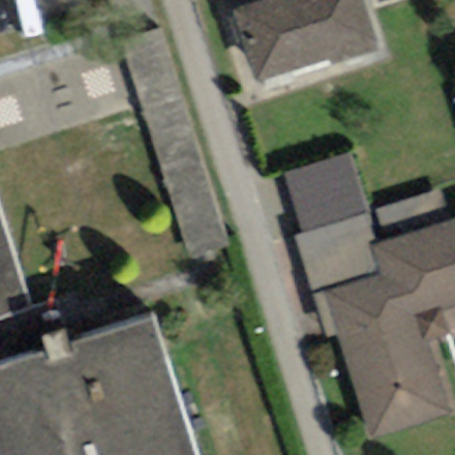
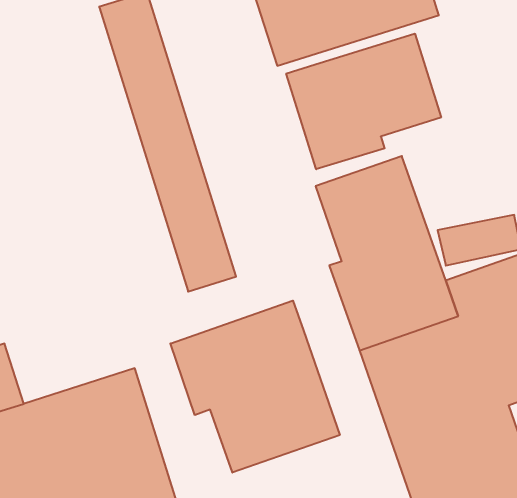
building: none -> [286,34,441,169]
building: none -> [170,301,340,473]

